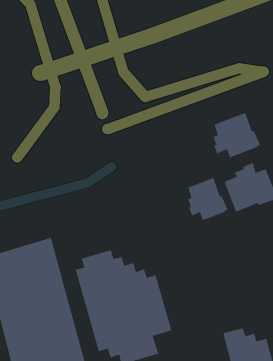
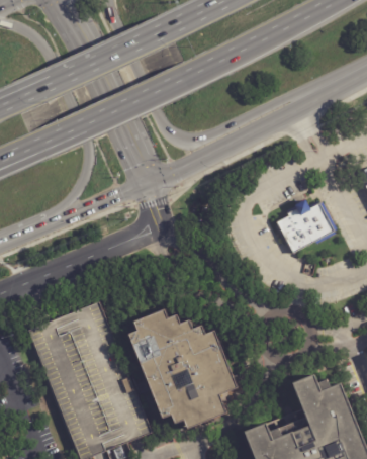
building: [213,112,261,158] -> none
building: [187,177,228,221] -> none

